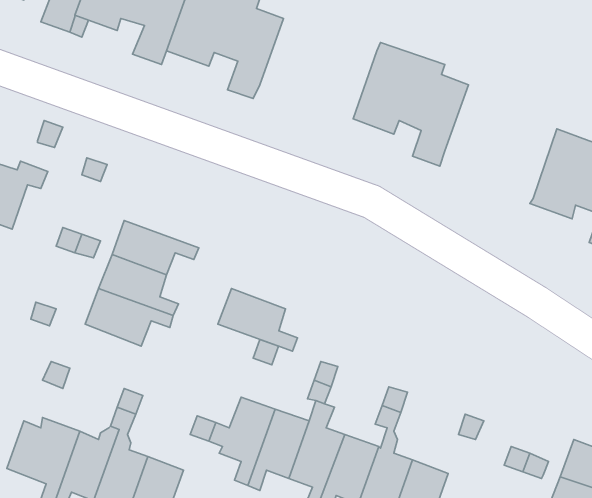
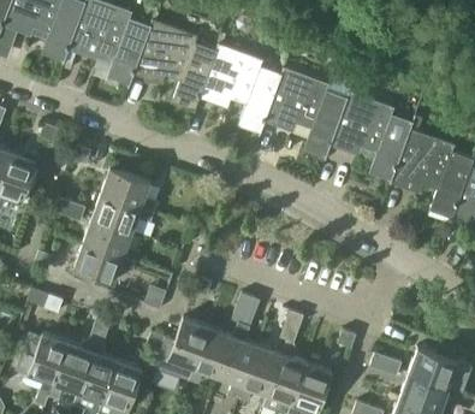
building: none -> [197,42,280,131]
building: none -> [328,89,411,177]
building: [218,288,298,351] -> [101,167,158,212]

